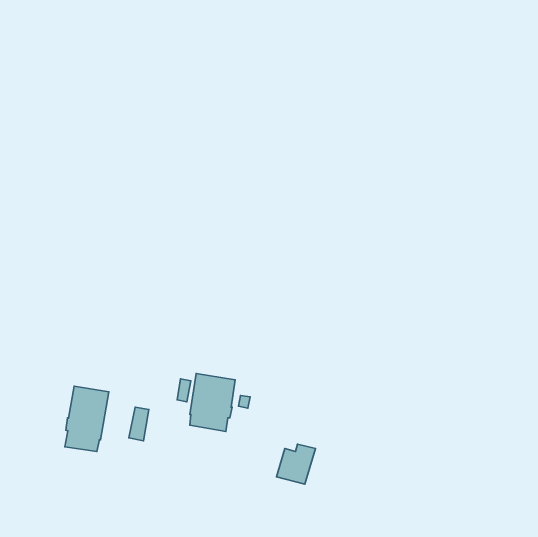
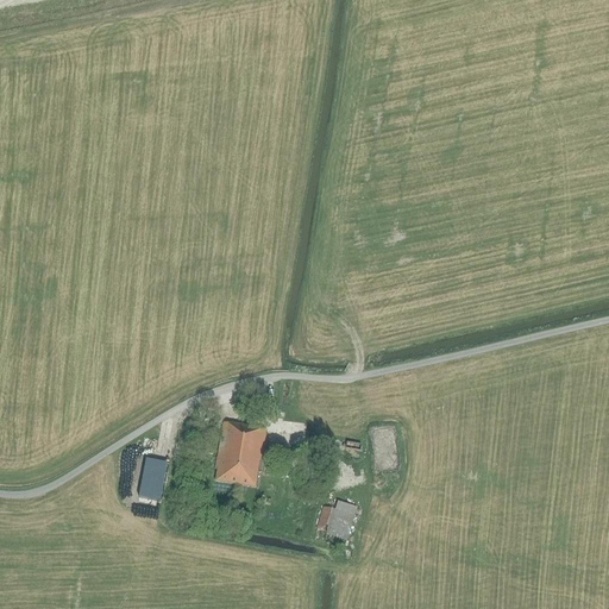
building: [65,386,109,452] -> none

